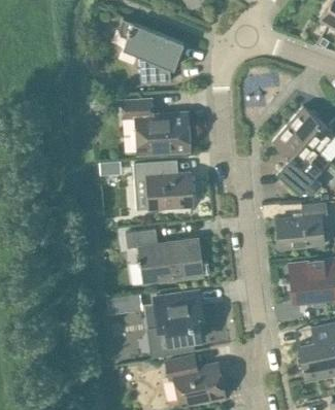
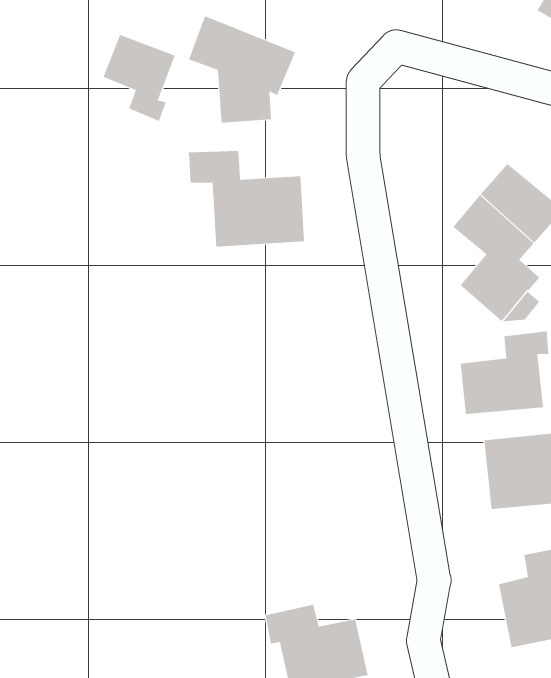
building: none -> [103,34,176,122]
building: [145,163,194,209] -> none
building: [126,230,205,285] -> none
building: [150,293,203,355] -> none

